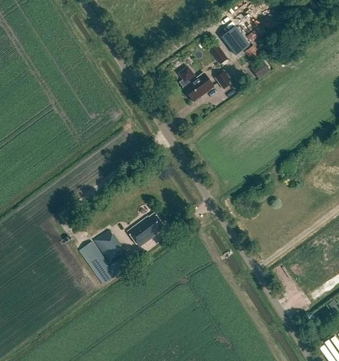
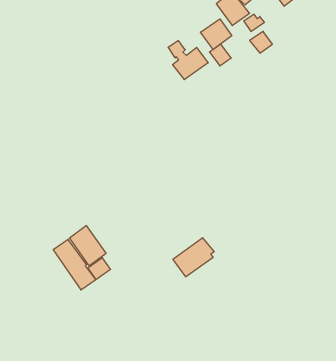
building: none -> [200,19,232,49]
building: [128,214,164,248] -> [173,238,214,277]

